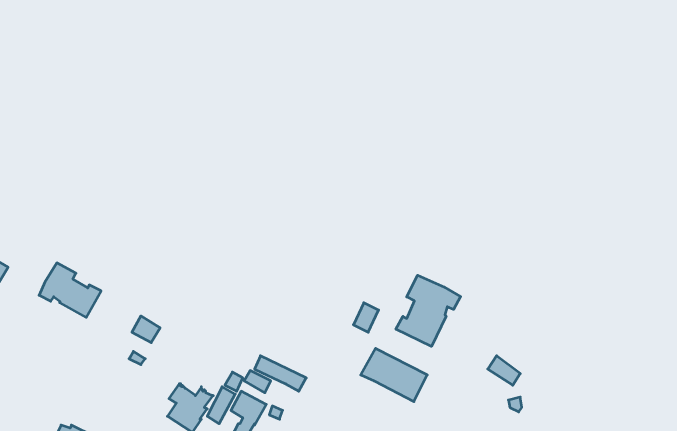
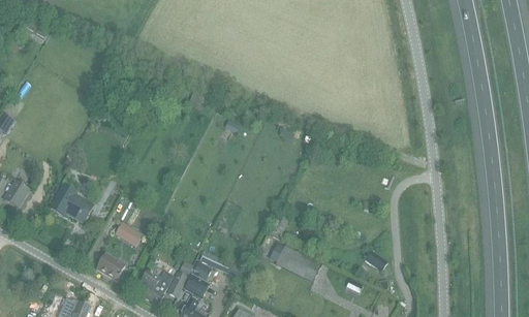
building: [396,275,461,346] -> none
building: none -> [96,253,124,280]

